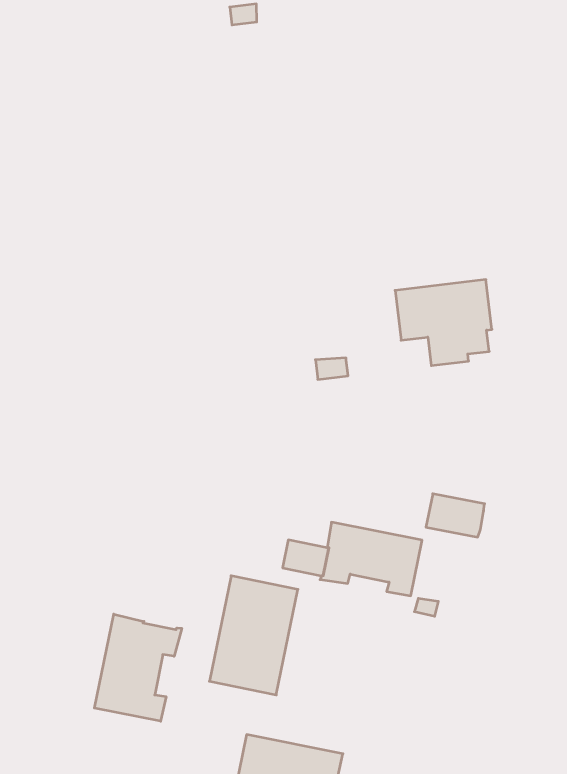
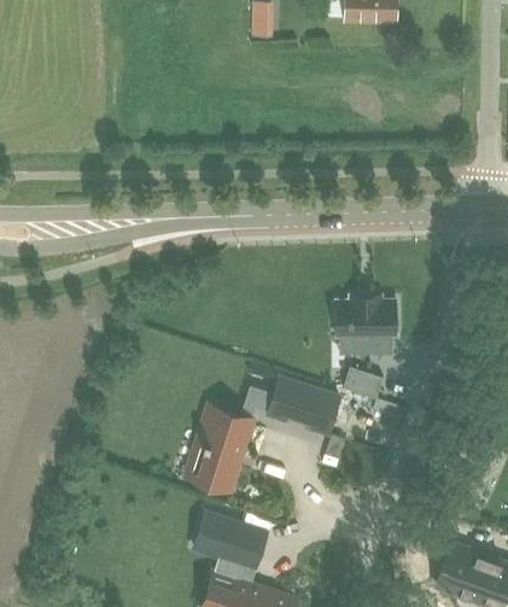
building: [395,280,492,366] -> [335,300,397,354]
building: [94,614,182,721] -> none

